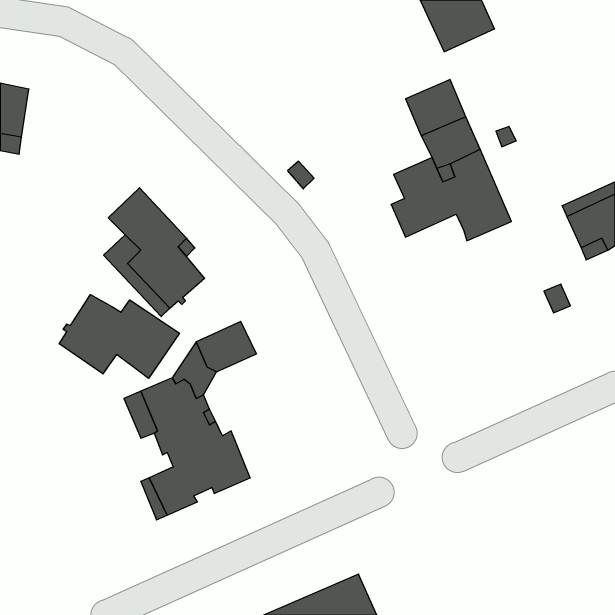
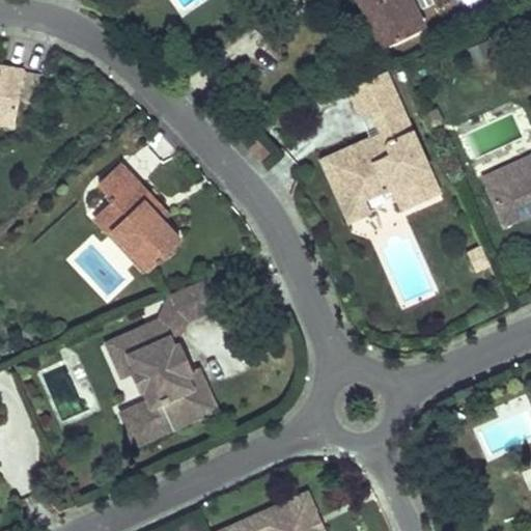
building: none -> [323,150,399,220]
building: [59,295,179,378] -> none

